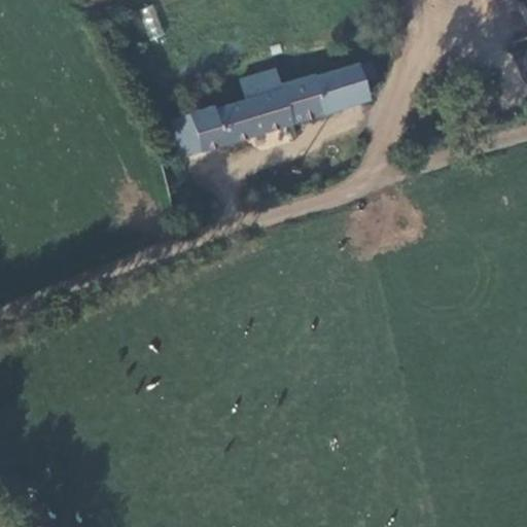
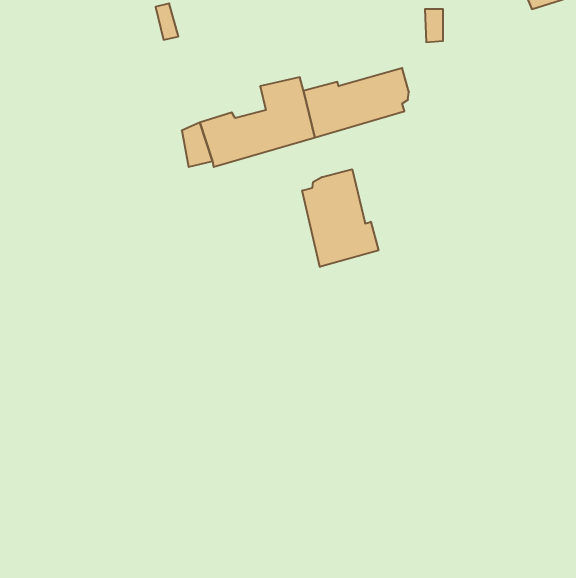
building: none -> [302,169,378,267]

